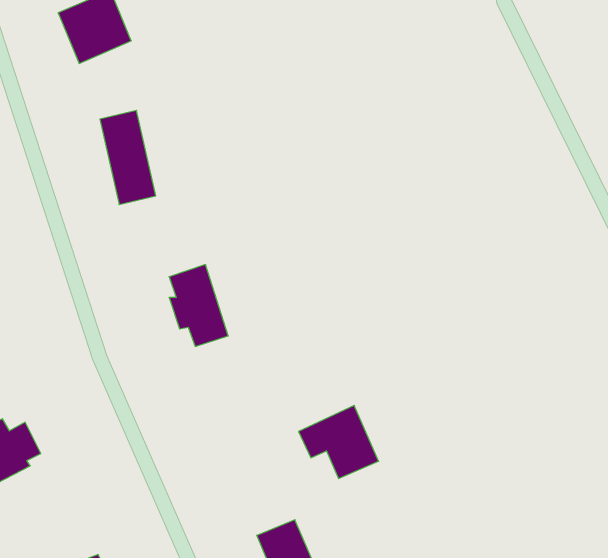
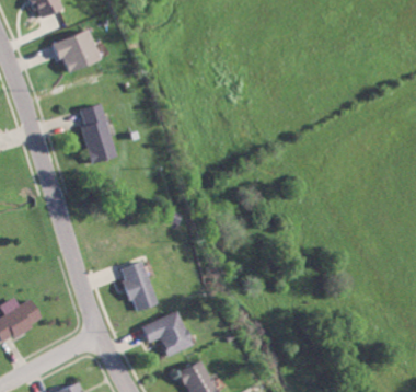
building: [169,265,228,346] -> [122,261,159,312]
building: [299,405,379,479] -> [141,311,192,357]

